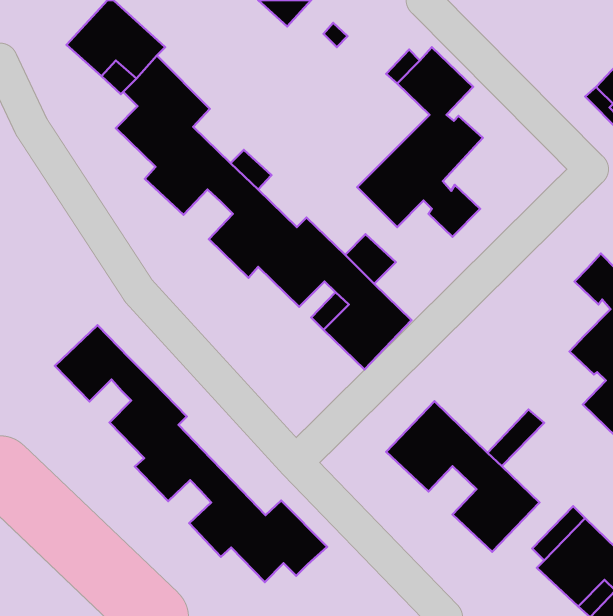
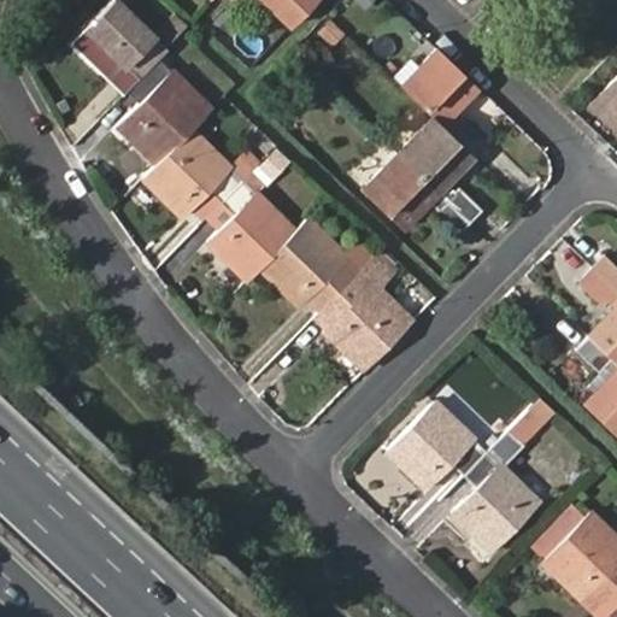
building: [55,325,327,582] -> none

